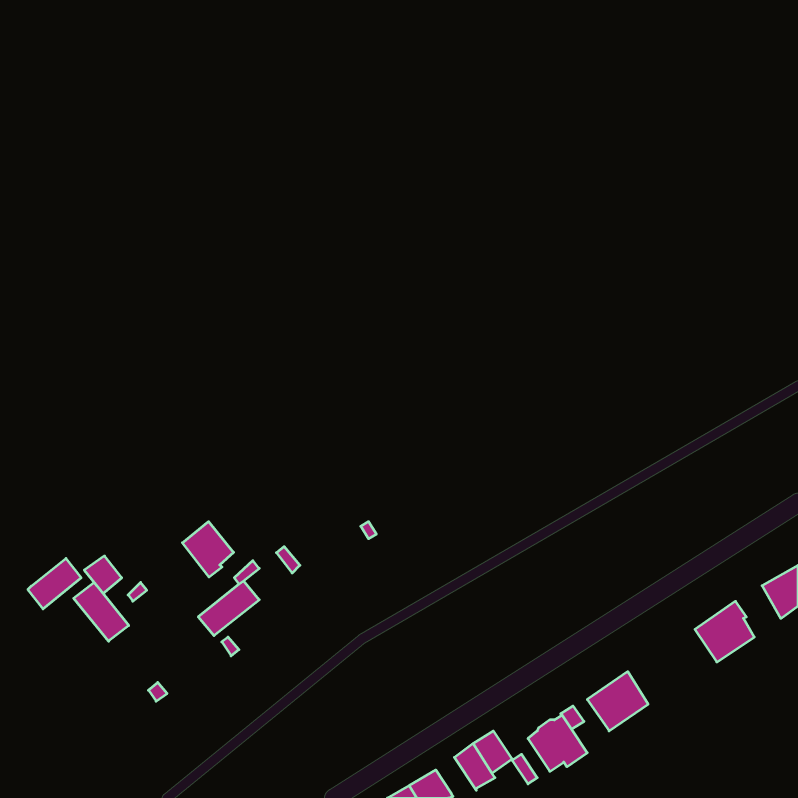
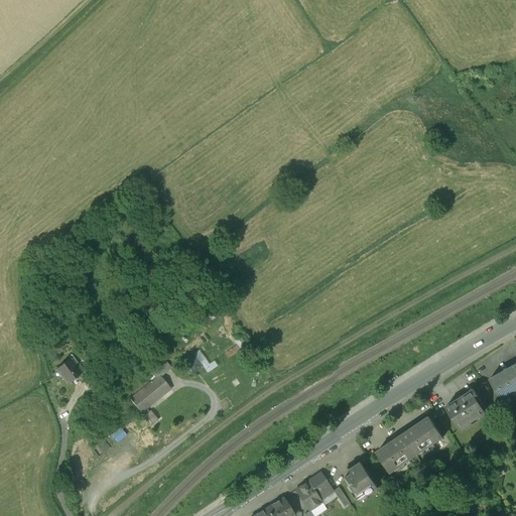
building: [182,522,234,577] -> none
building: [28,558,81,609] -> none
building: [74,583,129,641] -> none
building: none -> [405,416,445,455]

